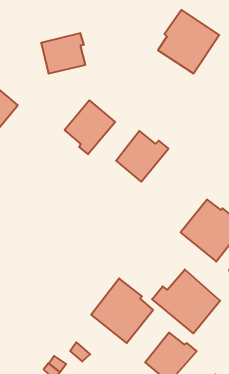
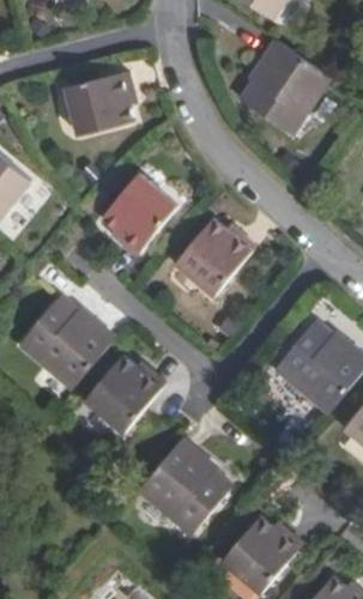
building: none -> [18,296,114,389]
building: none -> [85,357,165,434]
building: [152,269,220,333] -> none

